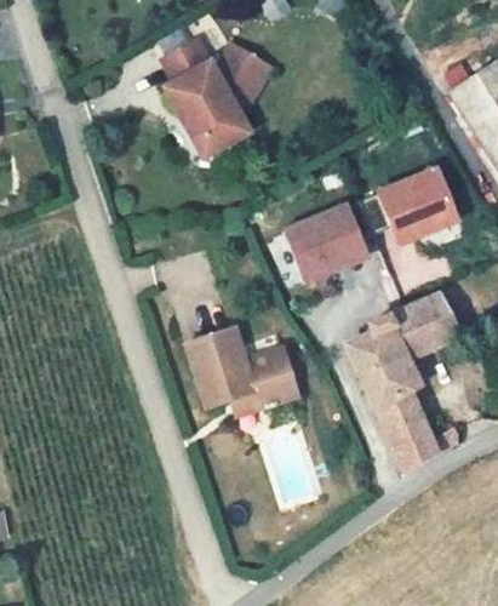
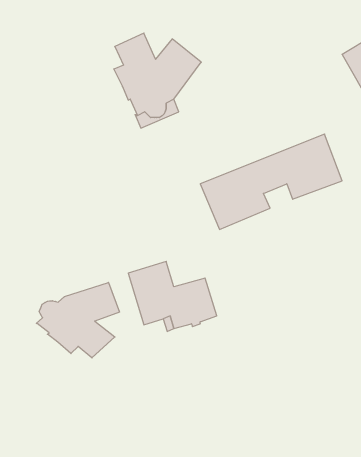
building: [350,286,466,470] -> none
building: none -> [36,282,120,358]

